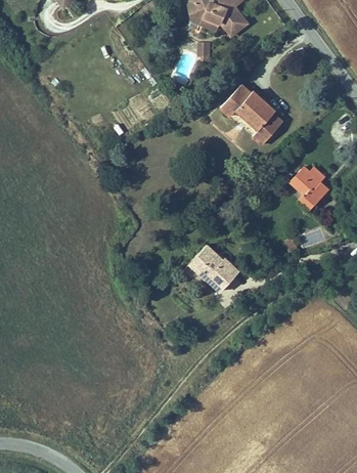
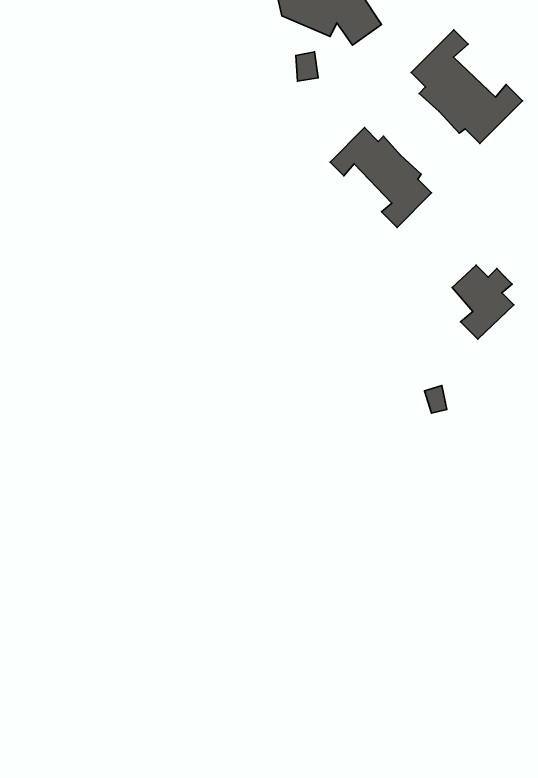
building: none -> [411,30,522,143]
building: [183,239,235,286] -> none

